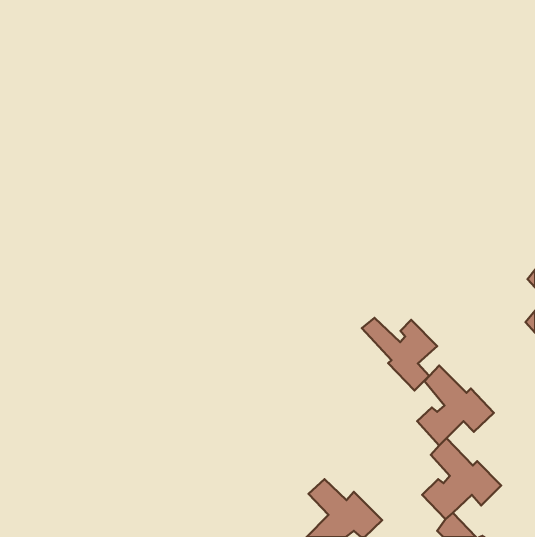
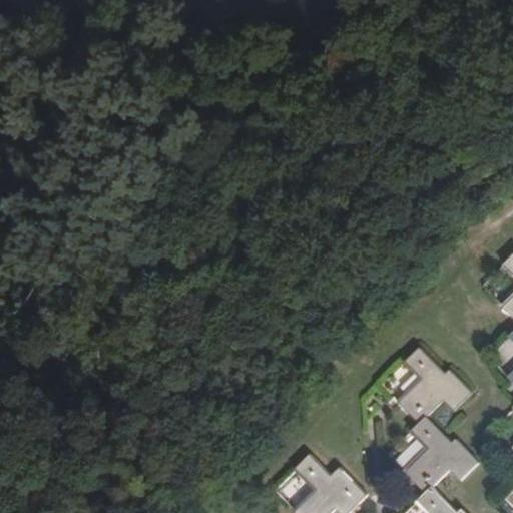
building: [362,318,437,390] -> none

